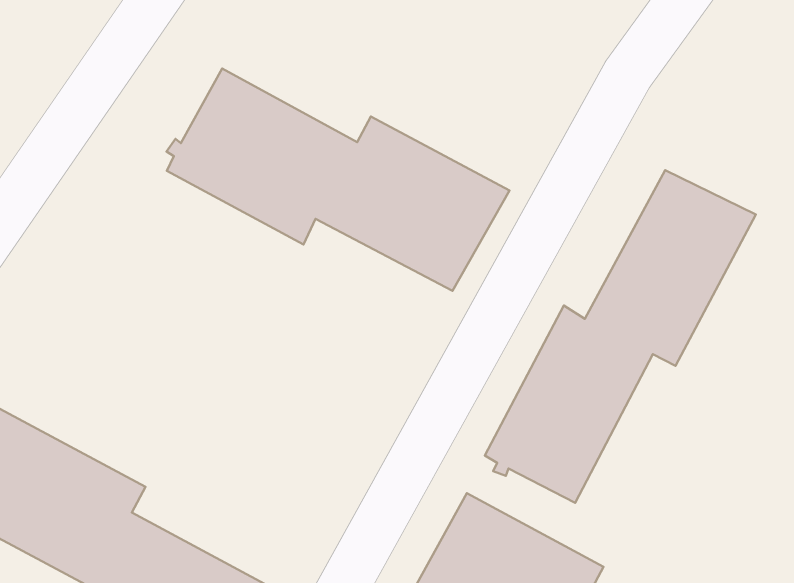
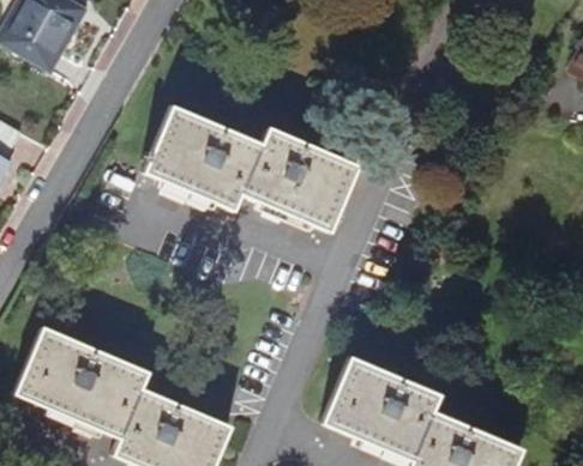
building: [485,170,756,503] -> none

